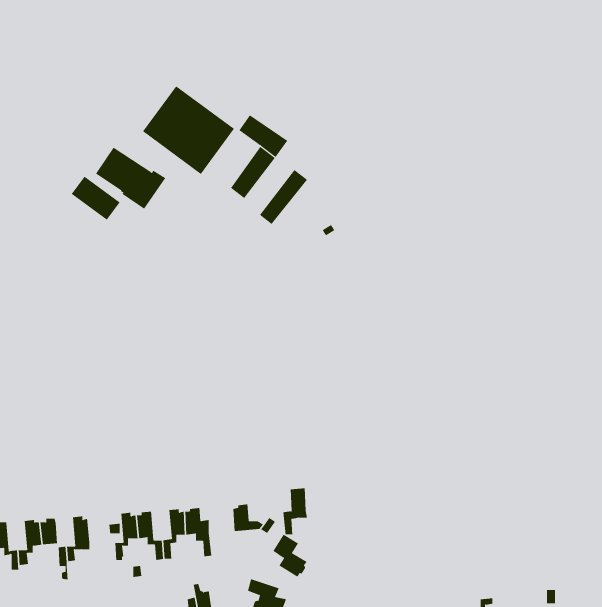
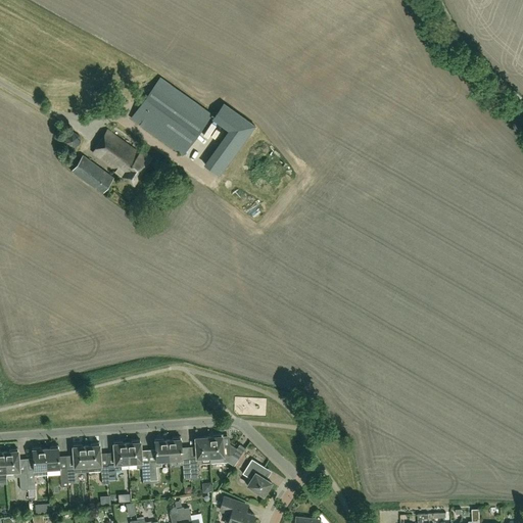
building: [259,169,308,225] -> none
building: [282,488,308,535] -> [189,438,210,478]
building: none -> [86,443,109,485]

